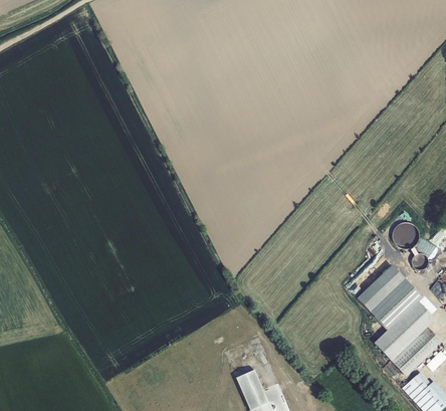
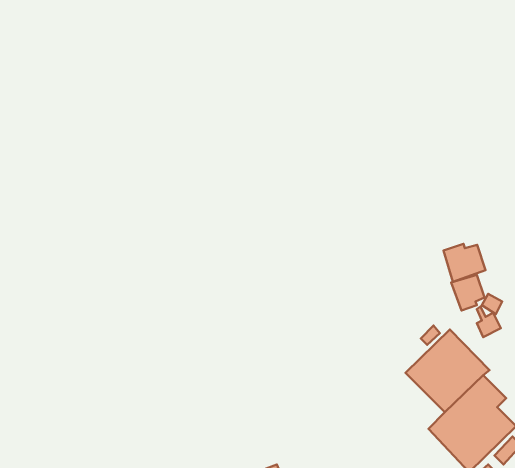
building: none -> [444,244,485,282]

